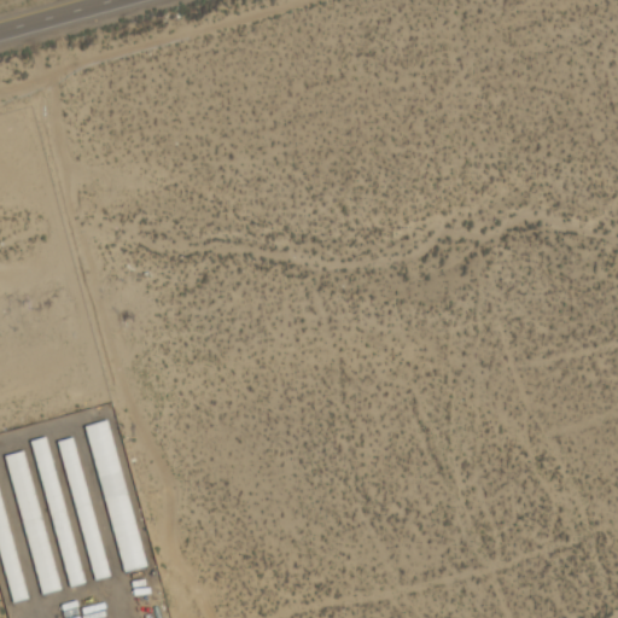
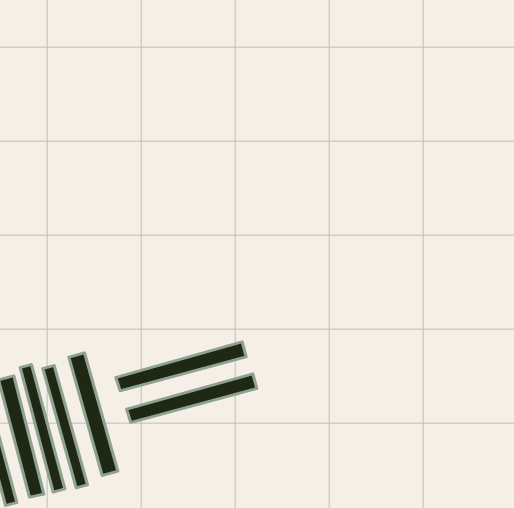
building: none -> [116,342,246,391]
building: none -> [126,374,257,423]

